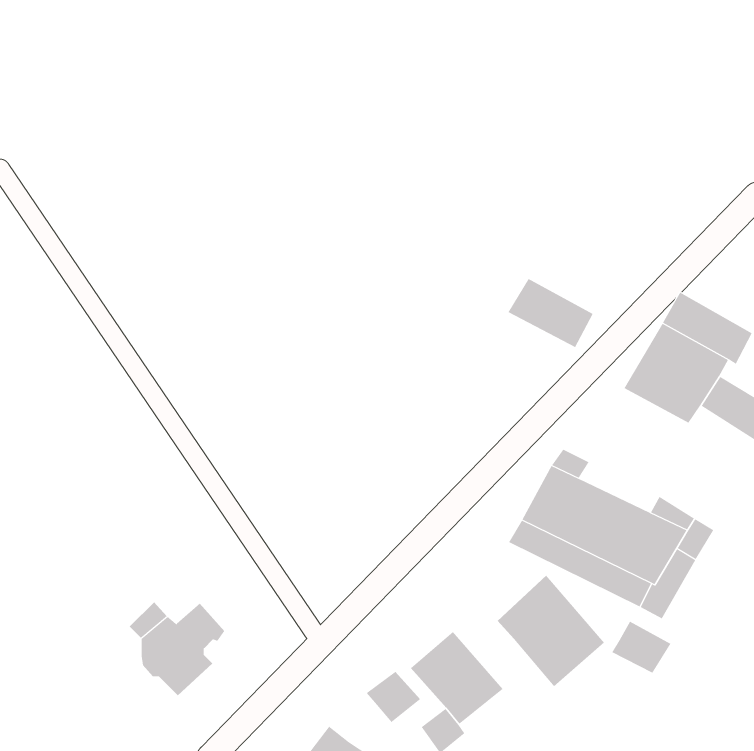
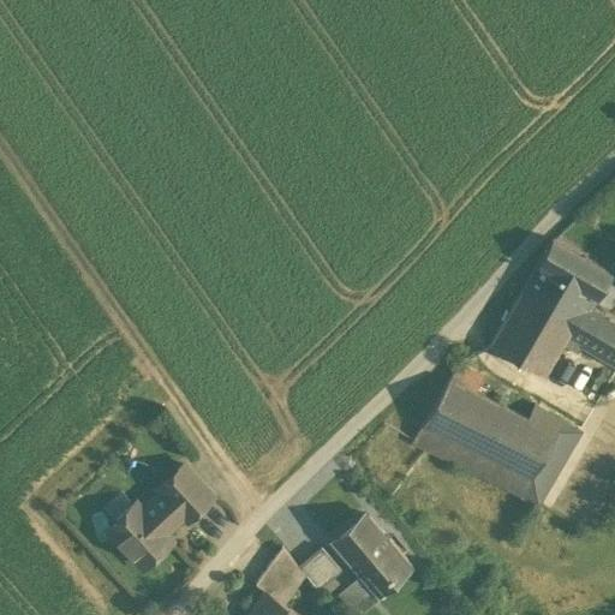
building: [507,278,593,348] -> [491,320,561,376]
building: none -> [161,467,215,521]
building: [497,575,605,687] -> none
building: [611,621,671,674] -> none
building: none -> [257,549,308,607]

